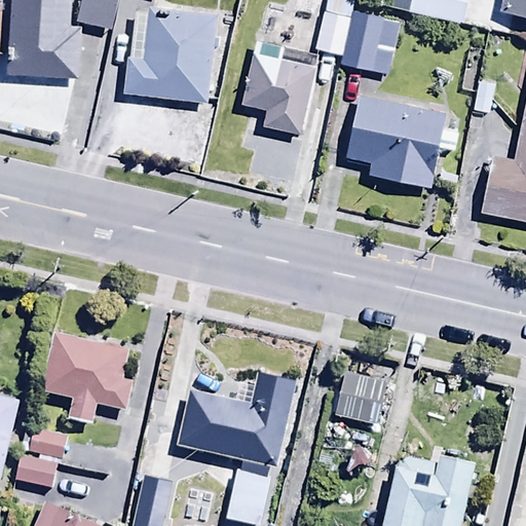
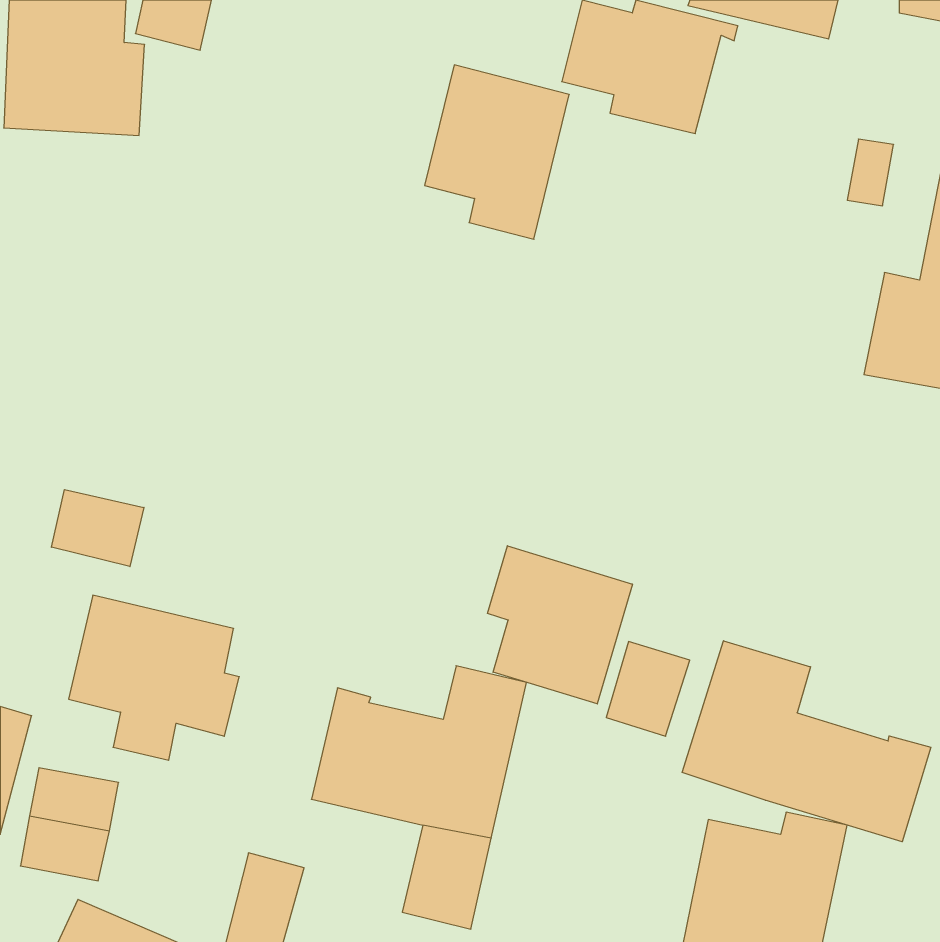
building: [122,8,217,102] -> none
building: [344,95,462,188] -> none
building: none -> [51,490,144,567]
building: none -> [488,546,632,704]
building: none -> [682,641,931,842]

